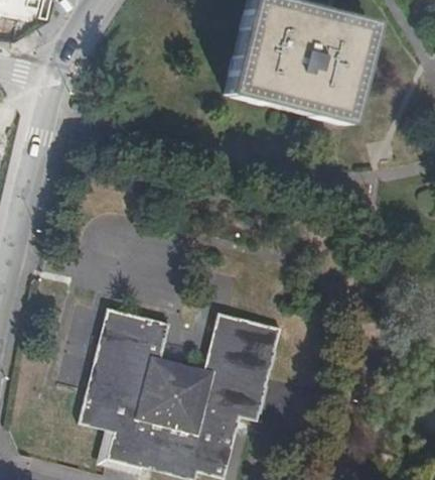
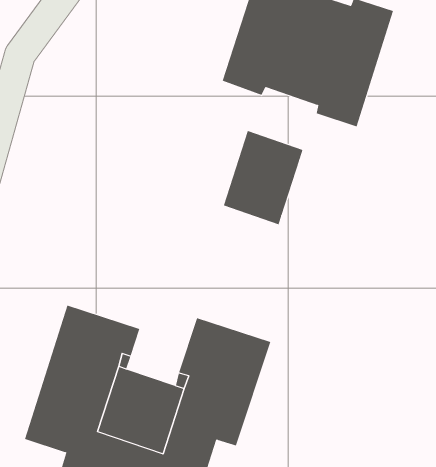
building: none -> [223,130,303,225]

